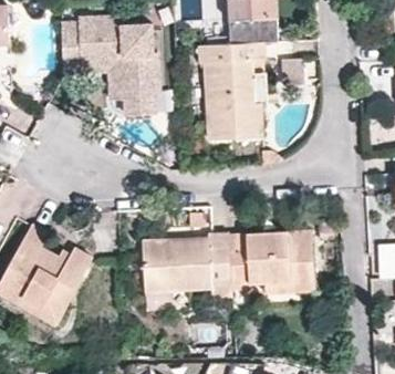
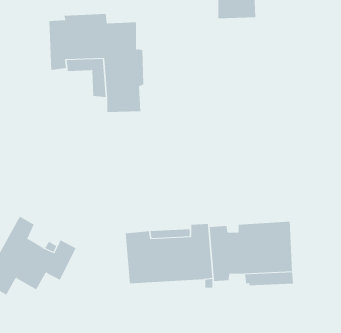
building: [196,42,264,138] -> none
building: [19,281,74,324] -> none

